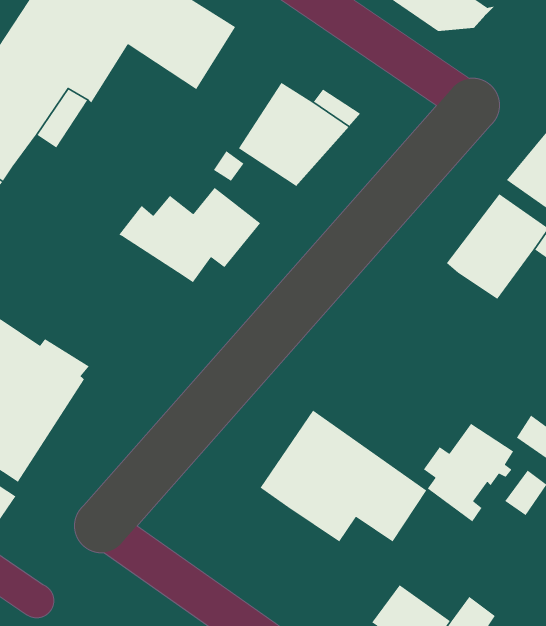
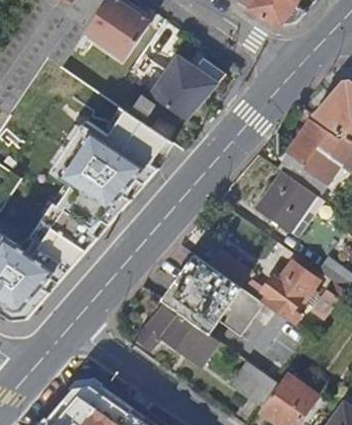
building: none -> [56,148,117,207]
building: none -> [259,170,315,228]
building: none -> [137,305,223,365]

